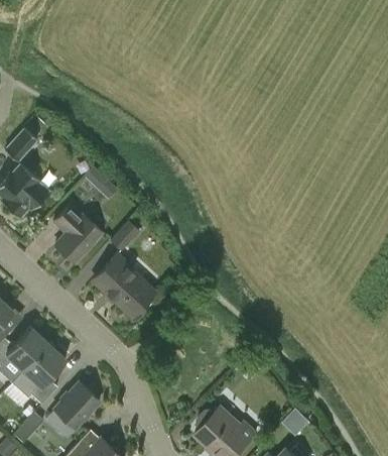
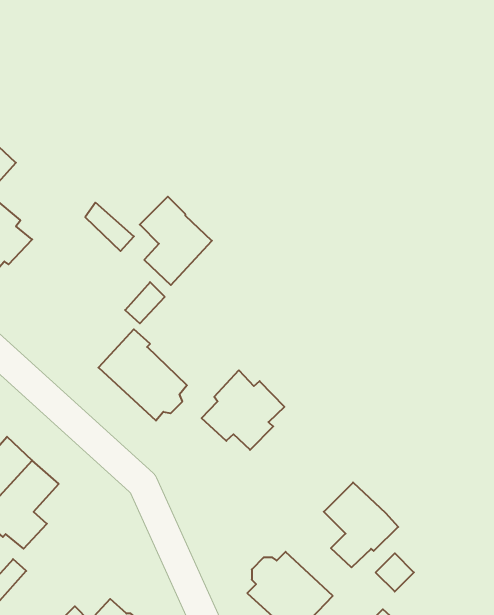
building: [52,203,102,263] -> [140,197,212,285]
building: none -> [202,370,284,450]
building: none -> [324,482,398,567]
building: [53,382,100,429] -> none

